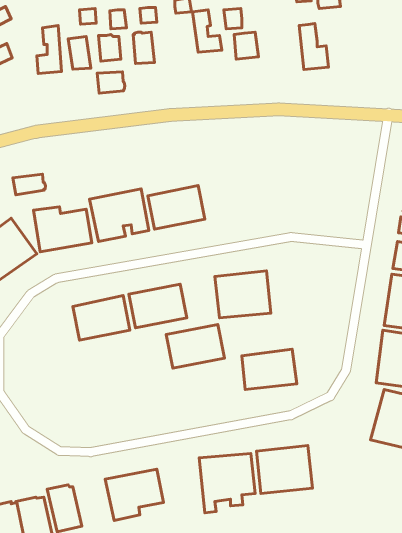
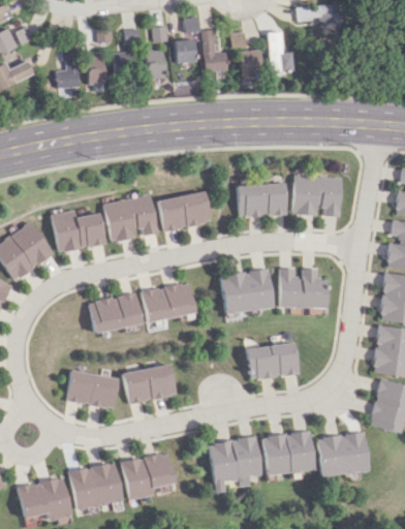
building: none -> [176,40,196,63]
building: [299,23,328,69] -> [267,30,293,72]
building: [97,72,125,93] -> none
building: none -> [293,176,342,217]
building: [13,174,45,195] -> none
building: none -> [239,183,287,217]
building: none -> [279,269,328,309]
building: [166,324,224,368] -> [126,364,180,404]
building: none -> [70,370,122,409]
building: none -> [314,432,367,477]
building: none -> [91,462,123,505]

